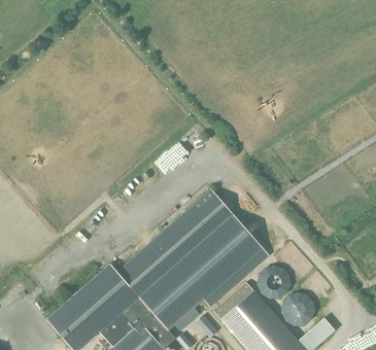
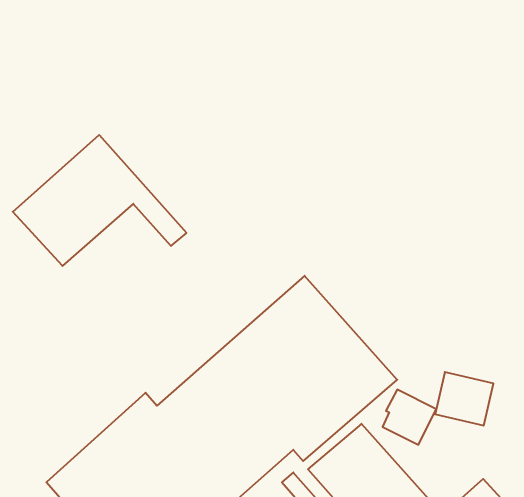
building: none -> [13,135,186,266]
building: [279,291,316,325] -> [435,372,493,426]

